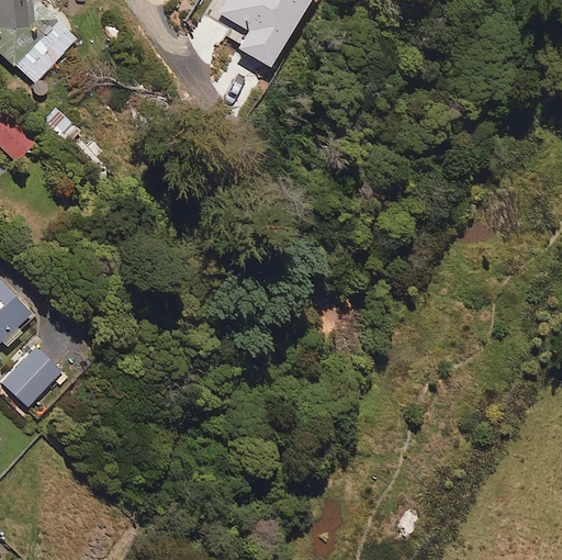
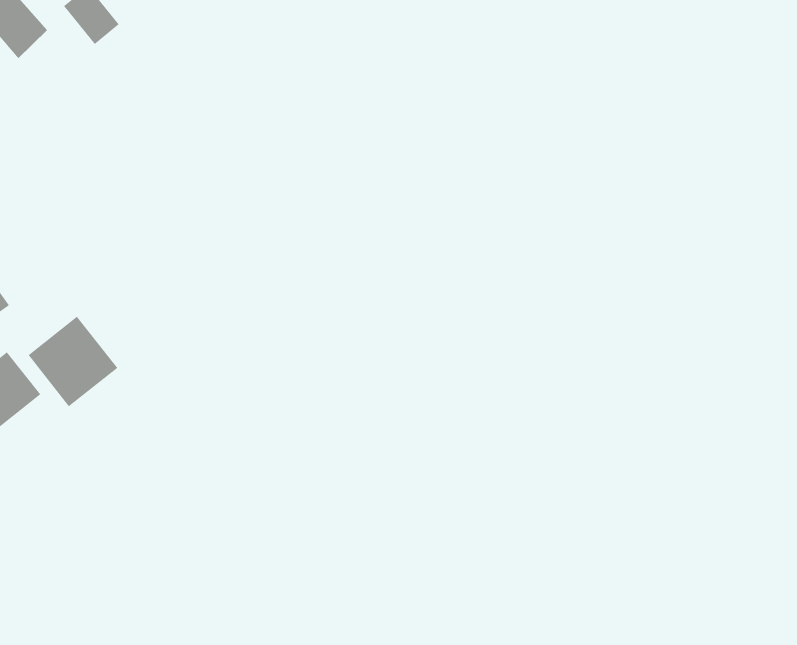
building: none -> [28,316,118,407]

